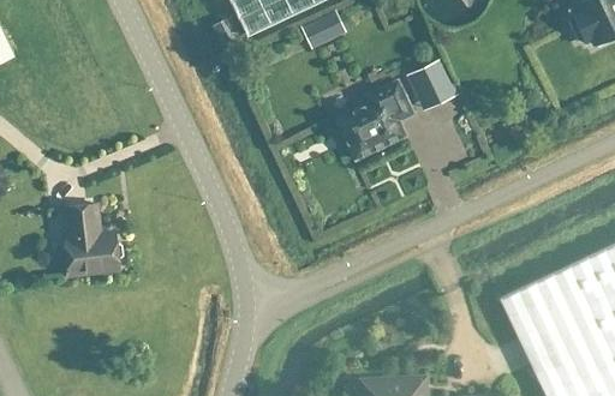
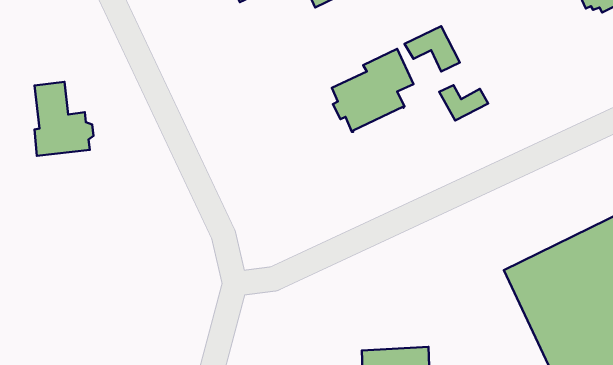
building: none -> [439,85,488,120]
building: [66,205,123,276] -> [34,82,93,156]

